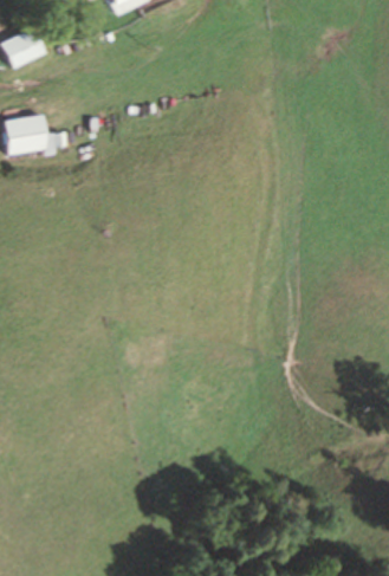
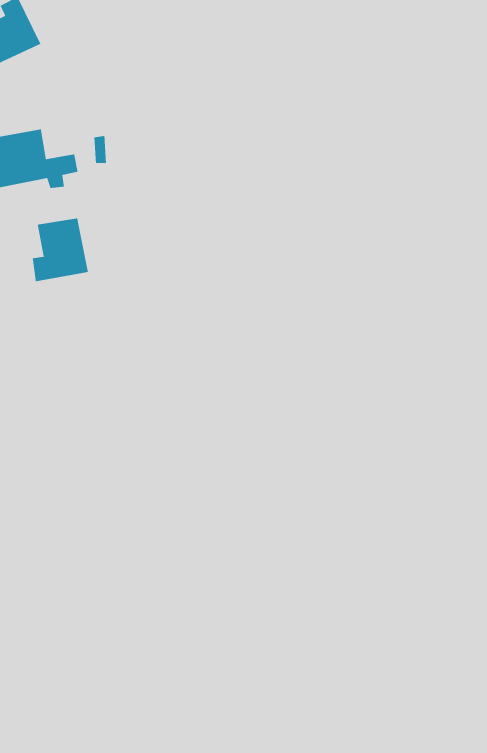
building: none -> [32,217,89,282]

